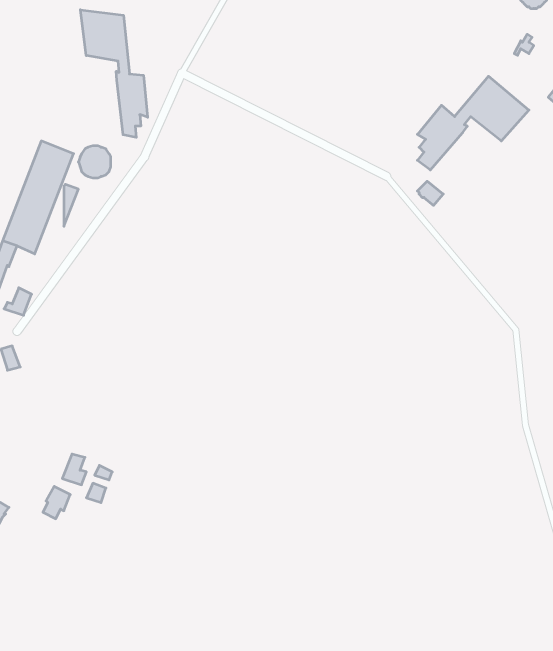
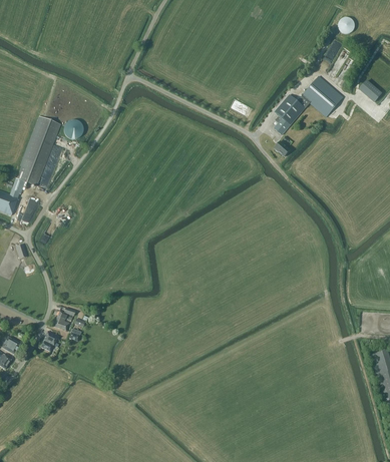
building: [80,10,148,137] -> none

